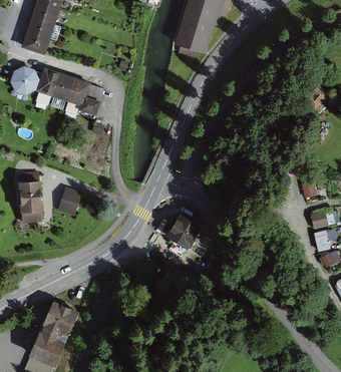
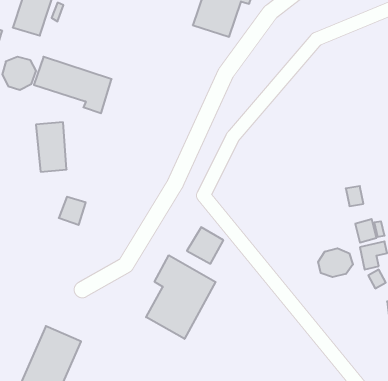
building: [18,176,44,219] -> [36,122,67,172]
building: none -> [318,248,353,277]
building: none -> [146,255,216,339]

